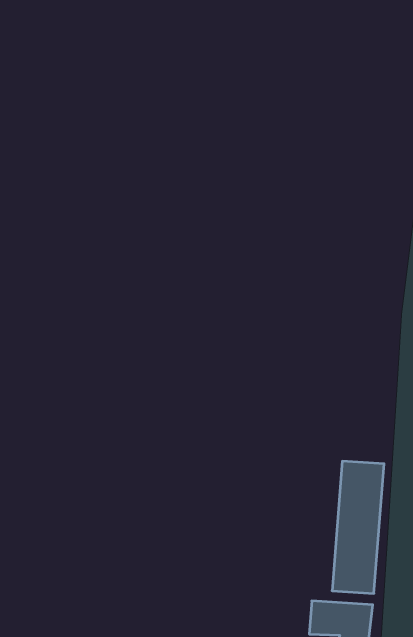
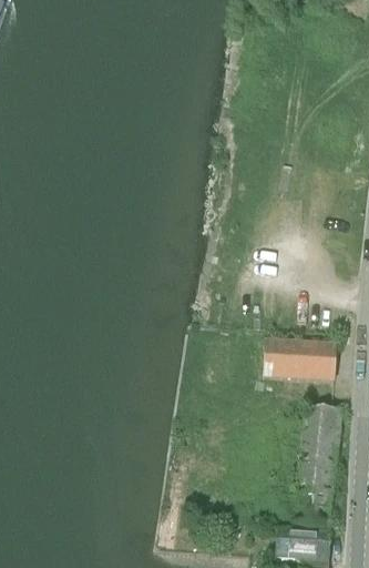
building: none -> [263,338,336,379]

